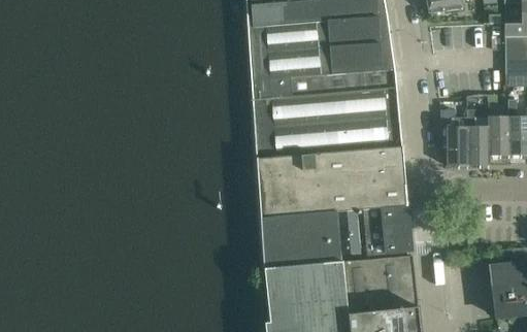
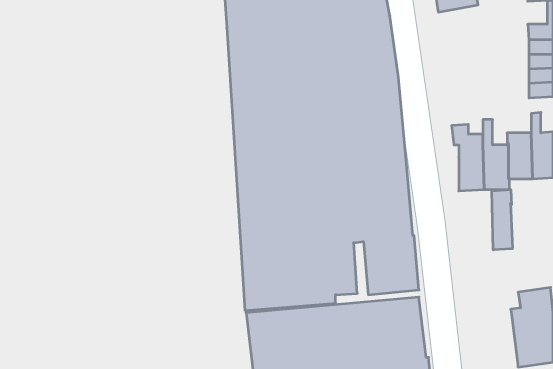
building: none -> [492,190,512,250]

